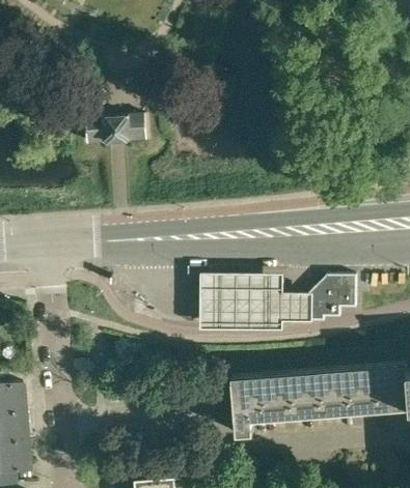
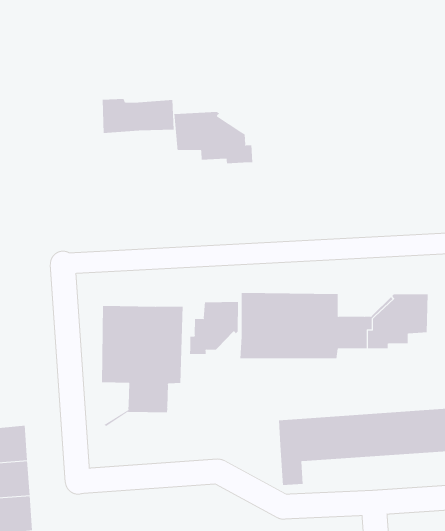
building: none -> [174,111,253,164]
building: none -> [190,301,238,355]
building: none -> [101,305,183,427]

